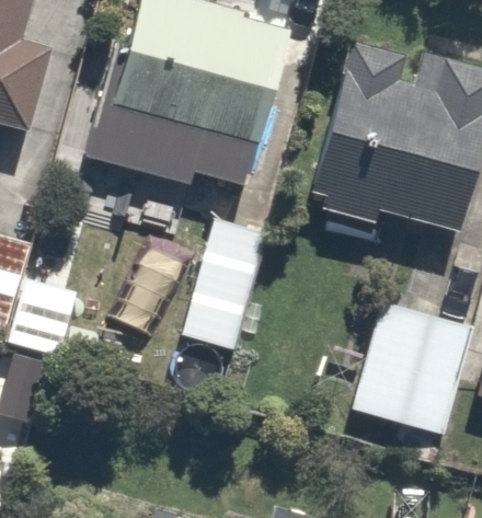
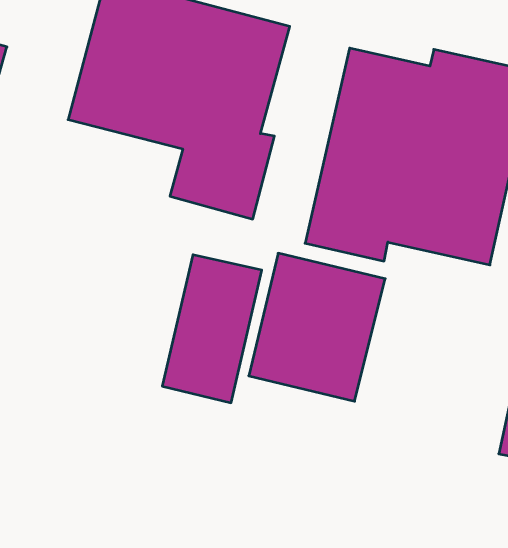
building: [349,306,467,433] -> [249,253,385,401]

